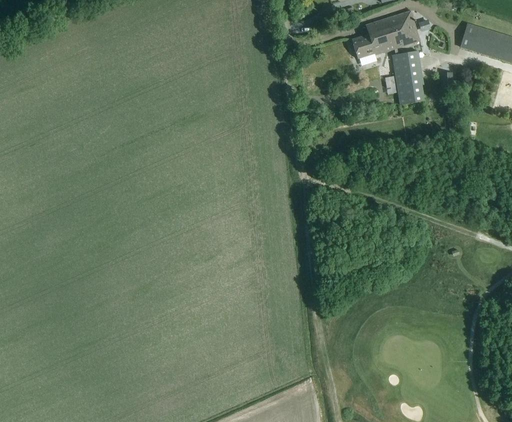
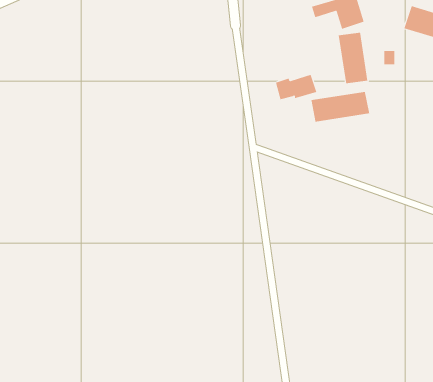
building: [352,30,396,57] -> [275,74,317,100]
building: none -> [311,91,370,122]

